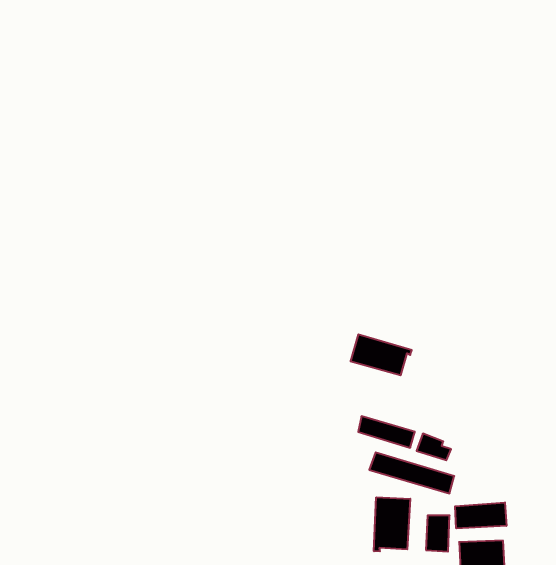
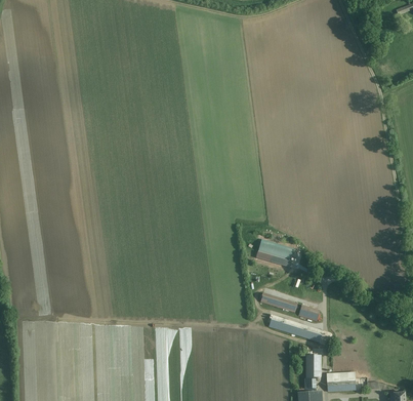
building: [374,497,410,551] -> none
building: [455,502,506,528] -> none

